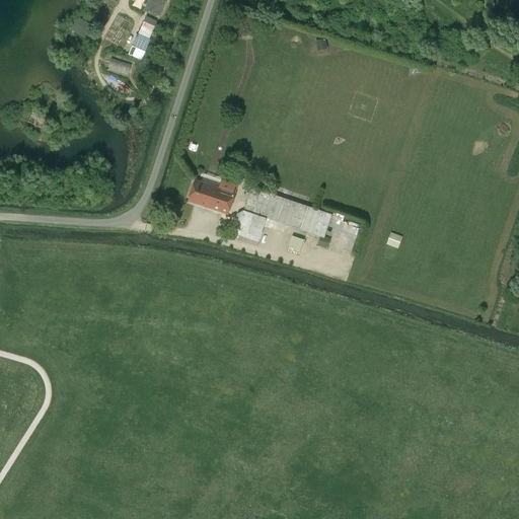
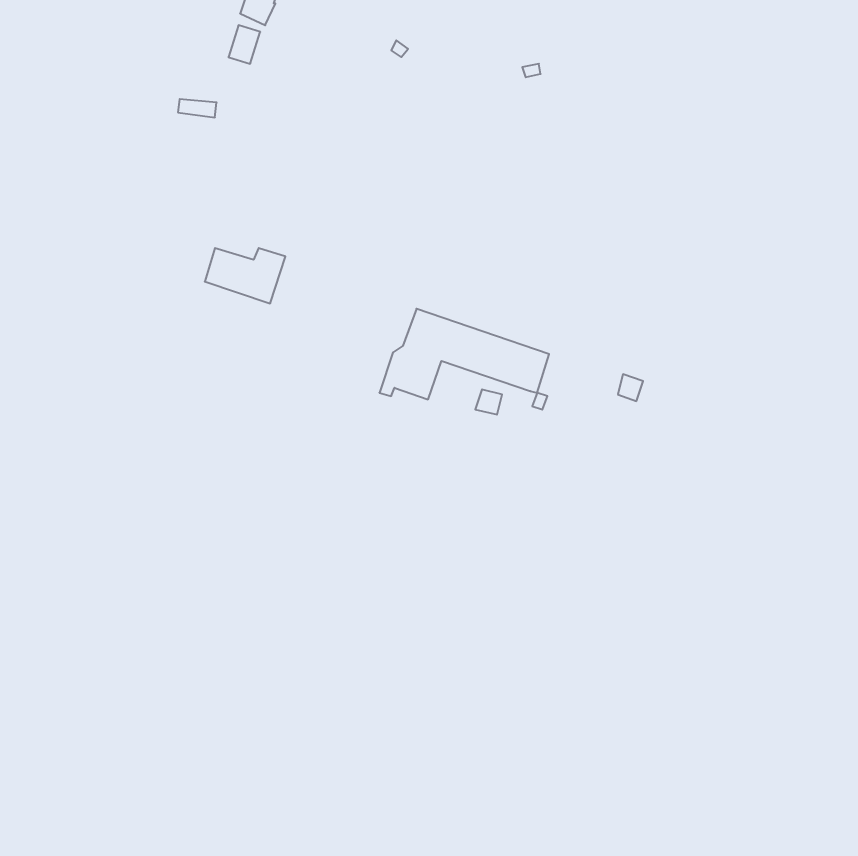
building: [190,179,238,213] -> [205,248,285,303]

